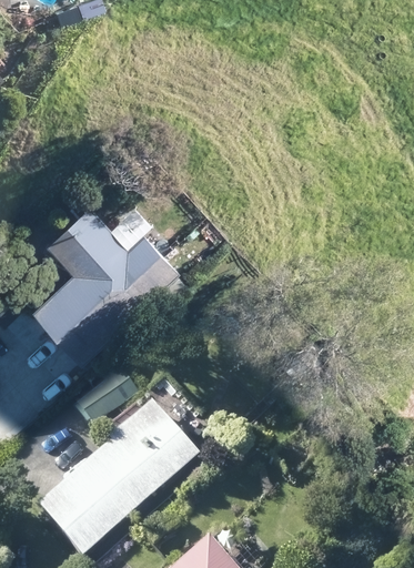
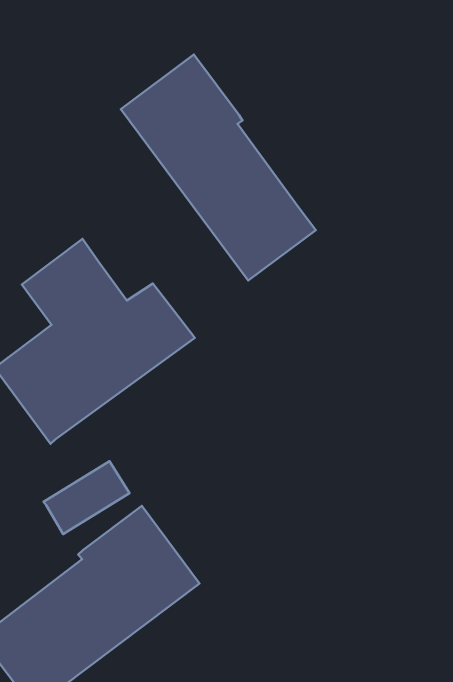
building: none -> [121,55,316,280]

